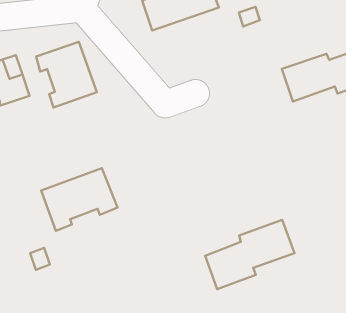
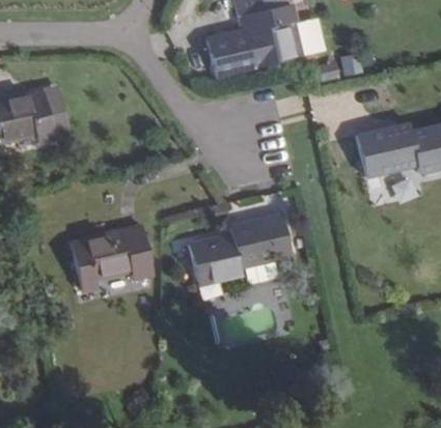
building: [36,42,97,108] -> none
building: [205,220,294,289] -> [190,213,292,284]

